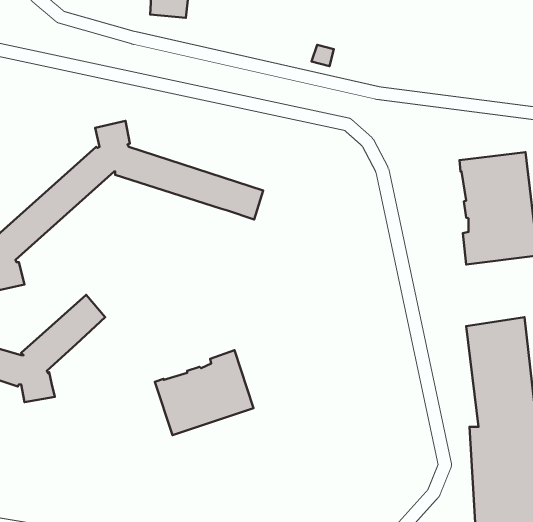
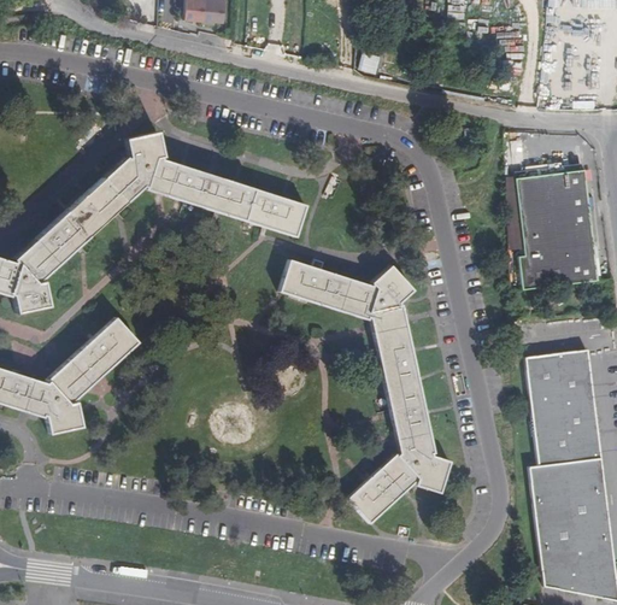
building: none -> [280,260,452,522]
building: [155,350,254,435] -> none

